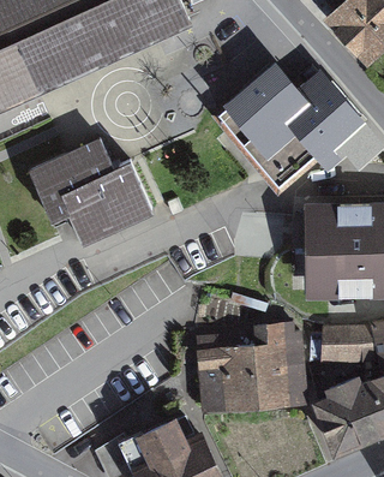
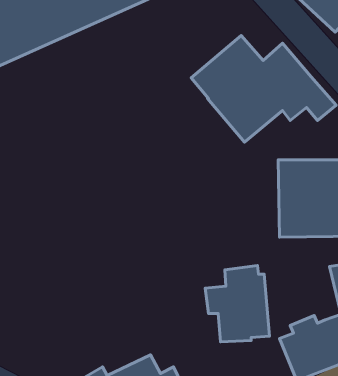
building: [29,139,151,240] -> none
building: [322,327,372,359] -> none
building: [198,336,251,407] -> none

